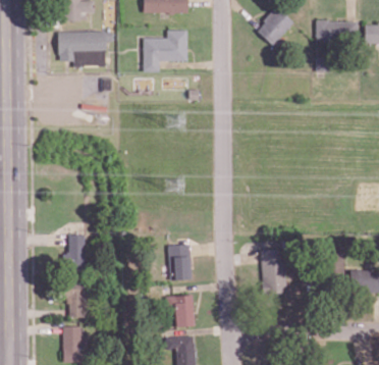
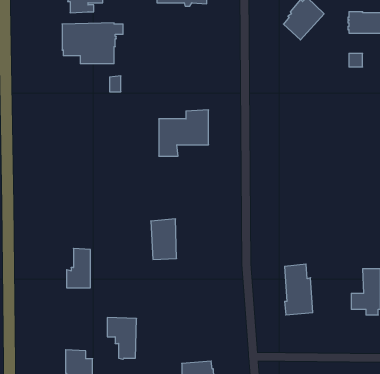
building: [144,30,188,71] -> [159,110,209,156]
building: [169,244,193,280] -> [151,219,177,259]
building: [59,280,86,318] -> [107,318,137,359]
building: [166,296,196,327] -> none

